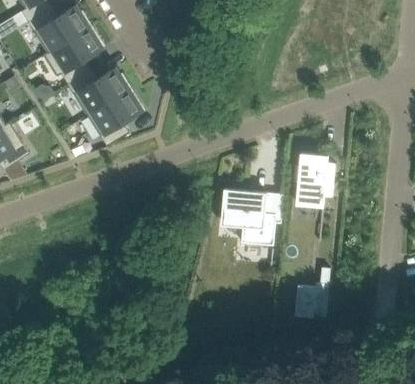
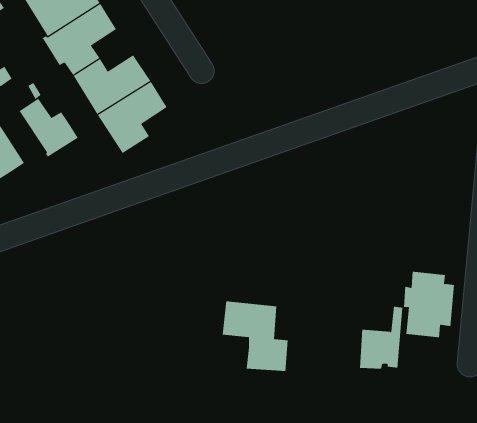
building: none -> [19,98,78,157]
building: [294,154,335,207] -> [403,271,455,338]
building: [222,190,275,246] -> [222,301,289,372]

